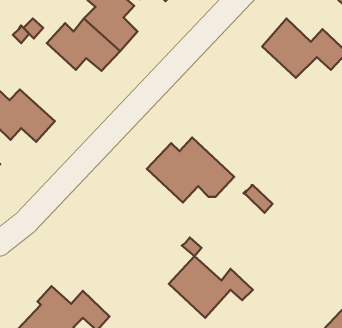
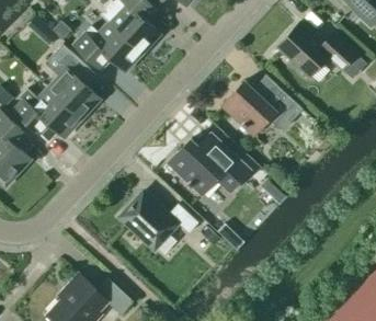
building: none -> [45,44,100,117]
building: none -> [220,74,303,135]
building: [169,256,253,318] -> [119,191,198,249]

